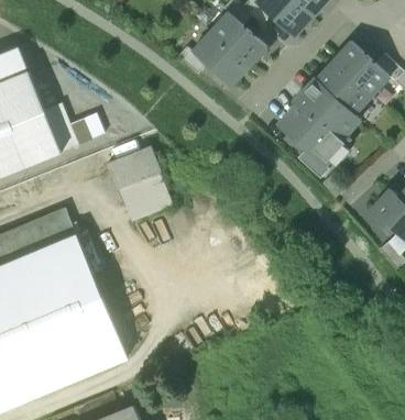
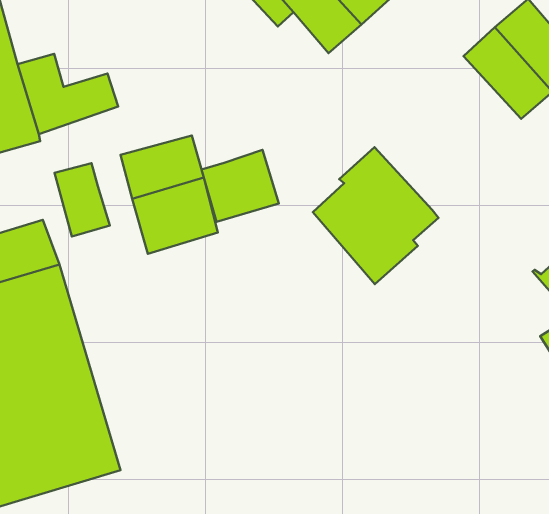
building: [280,81,358,166] -> [313,147,439,284]
building: none -> [201,150,279,222]
building: none -> [54,163,110,236]

